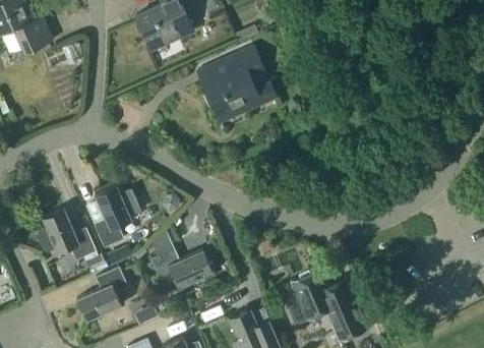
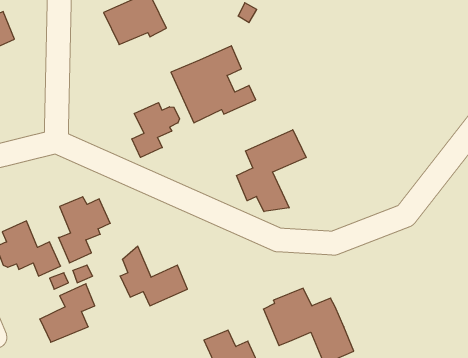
building: none -> [132,103,180,157]
building: none -> [237,130,306,212]

